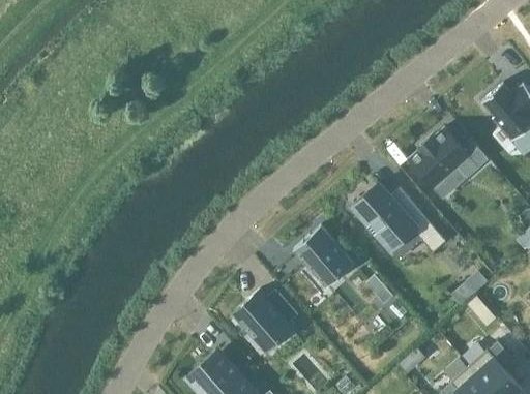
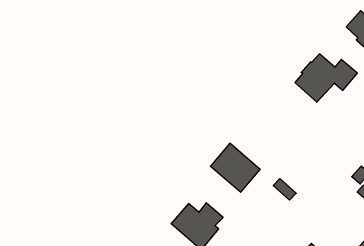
building: [358,185,446,253] -> none

